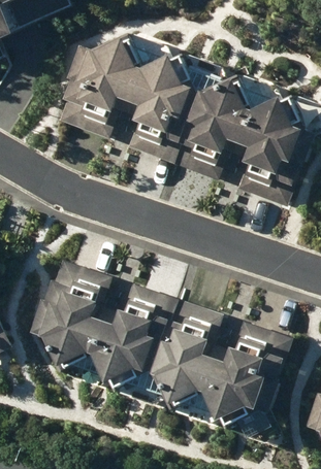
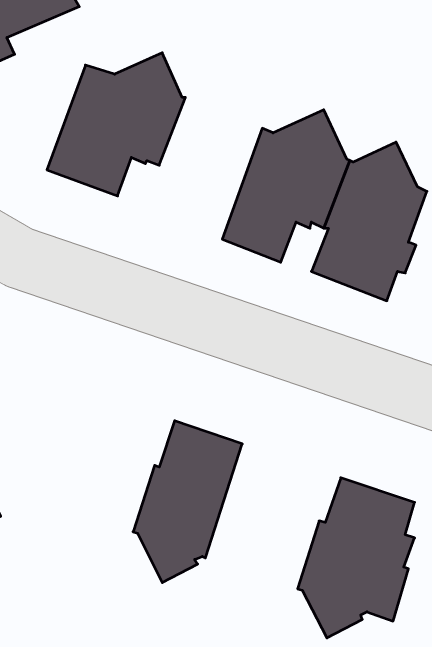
building: [110,55,188,161] -> none
building: [32,260,116,371] -> none
building: [150,298,226,410] -> none

